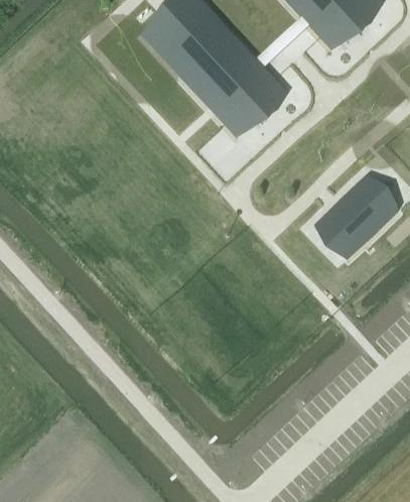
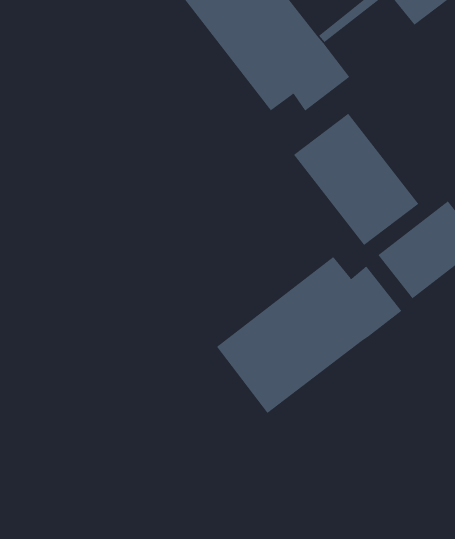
building: none -> [293,113,419,246]
building: none -> [216,256,402,414]

